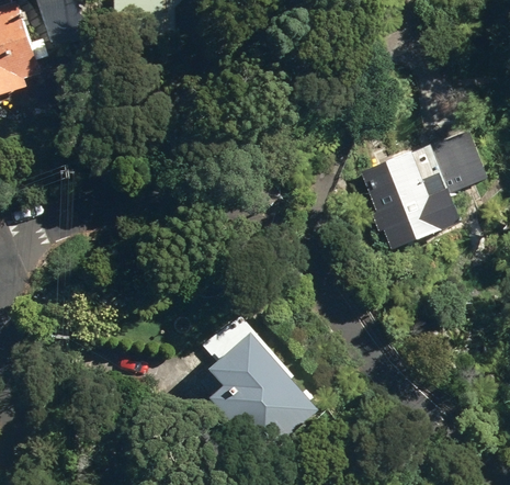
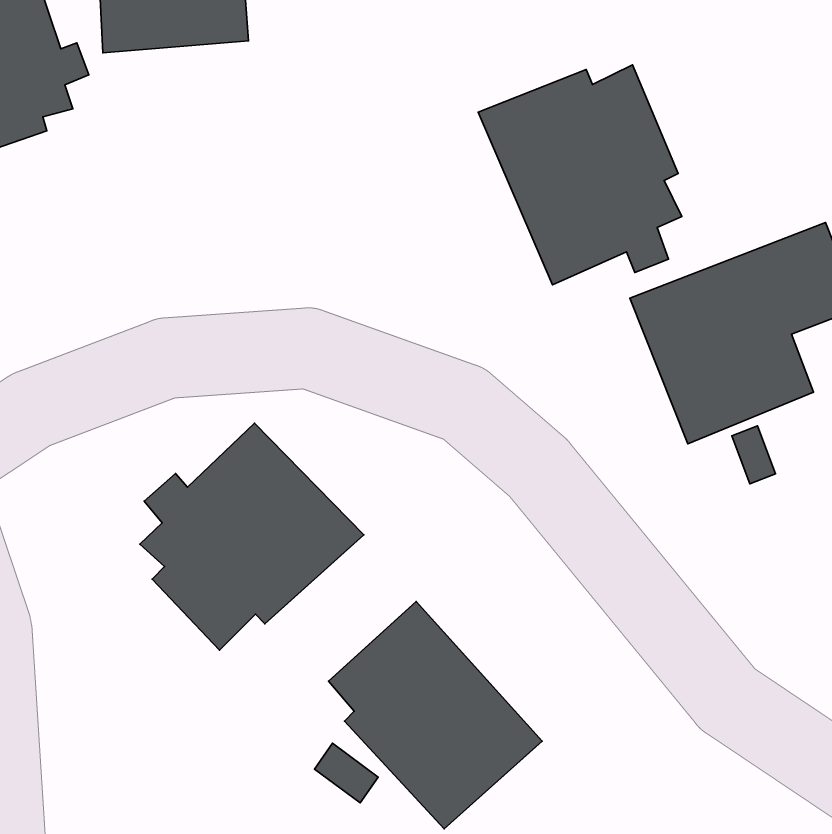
building: none -> [478,65,682,285]
building: none -> [140,423,364,650]

